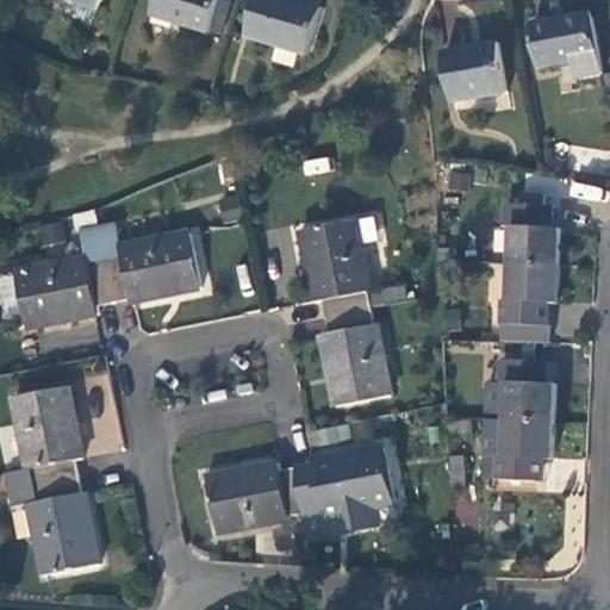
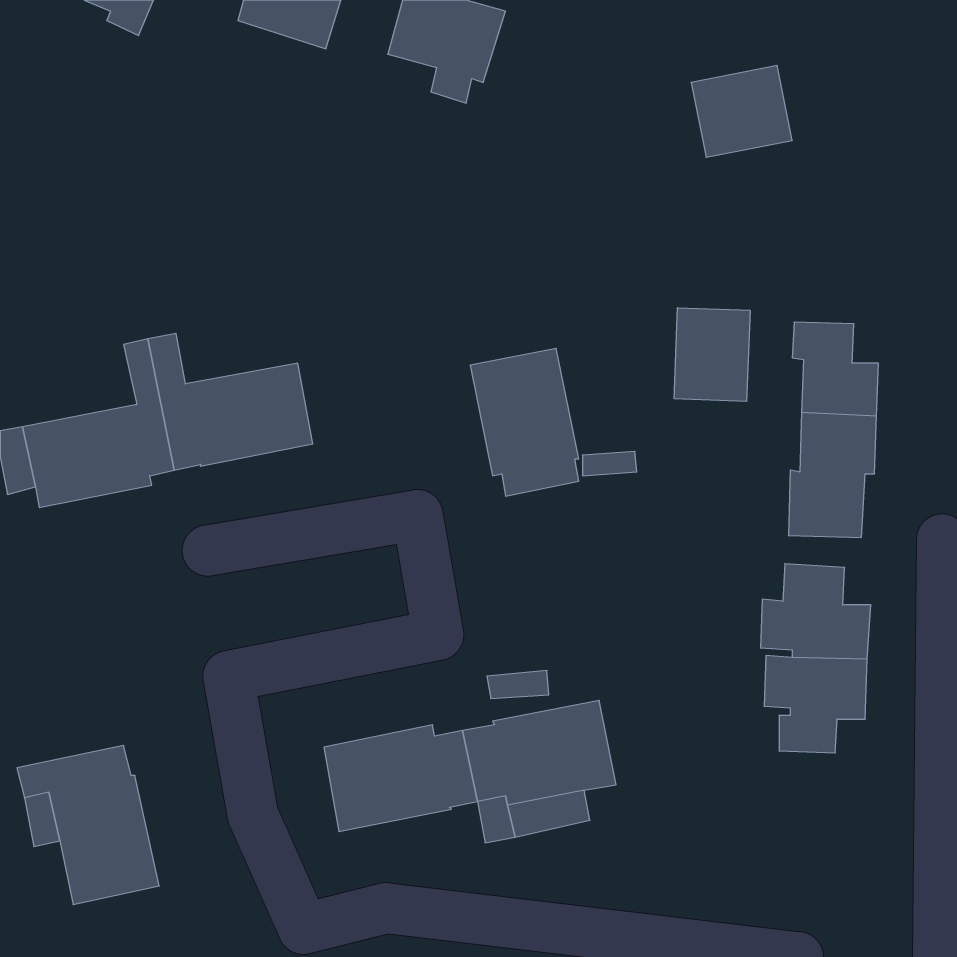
building: [530,14,597,79] -> none
building: none -> [674,308,750,401]
building: [320,306,388,407] -> none
building: [7,386,82,488] -> none

